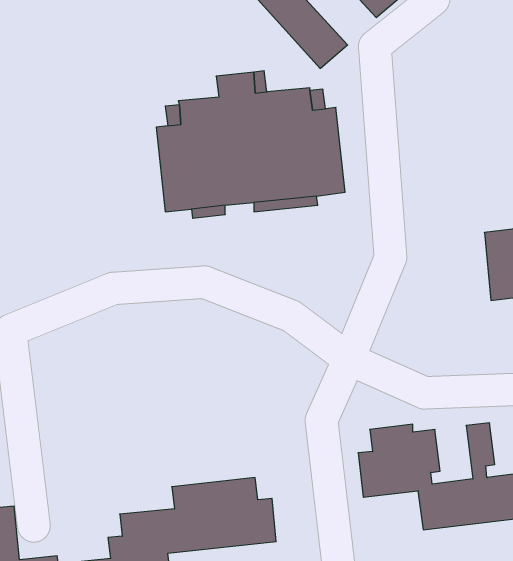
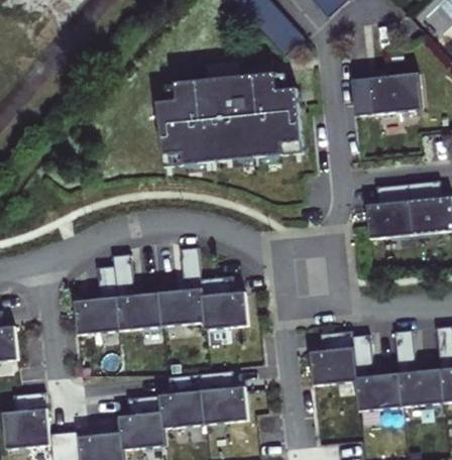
building: none -> [351,71,422,114]
building: none -> [366,182,414,239]
building: none -> [74,247,248,336]

